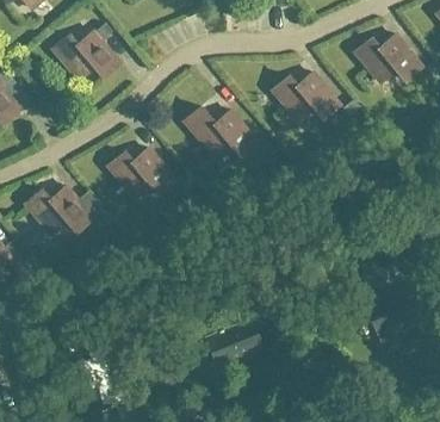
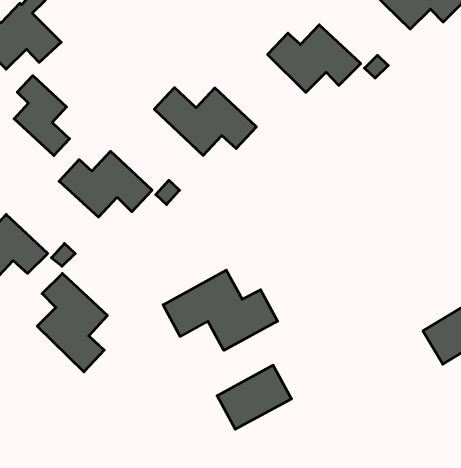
building: none -> [14,76,70,156]
building: none -> [37,273,107,372]
building: none -> [163,270,278,350]

